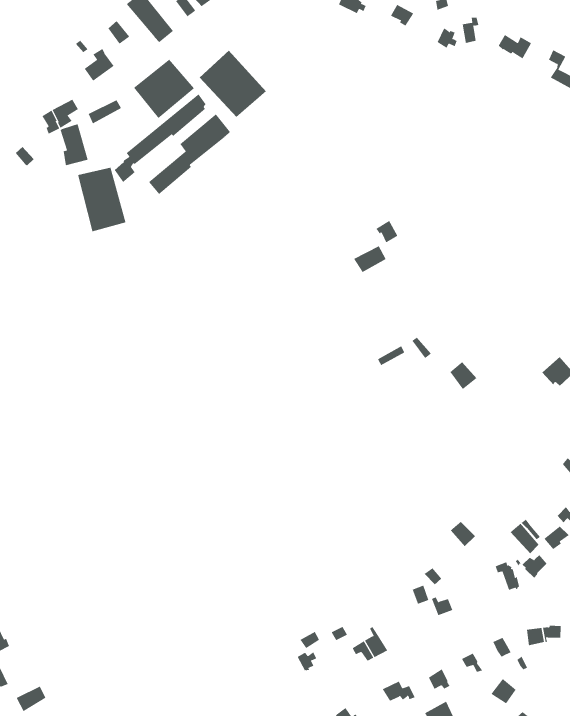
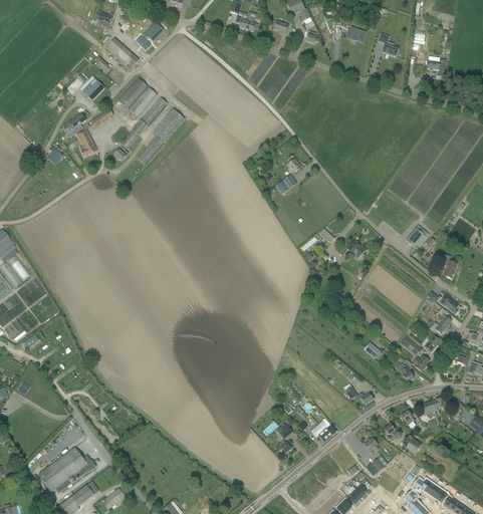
building: [199,50,267,118] -> none
building: [77,167,126,232] -> none

